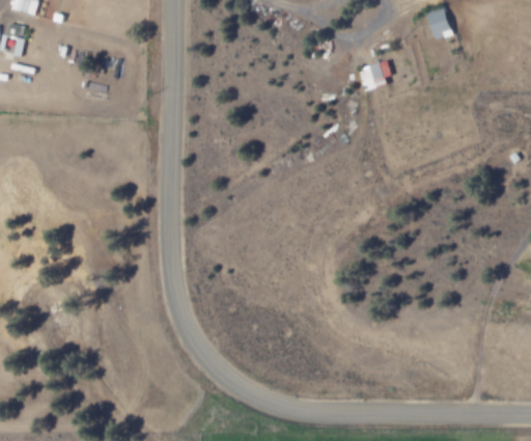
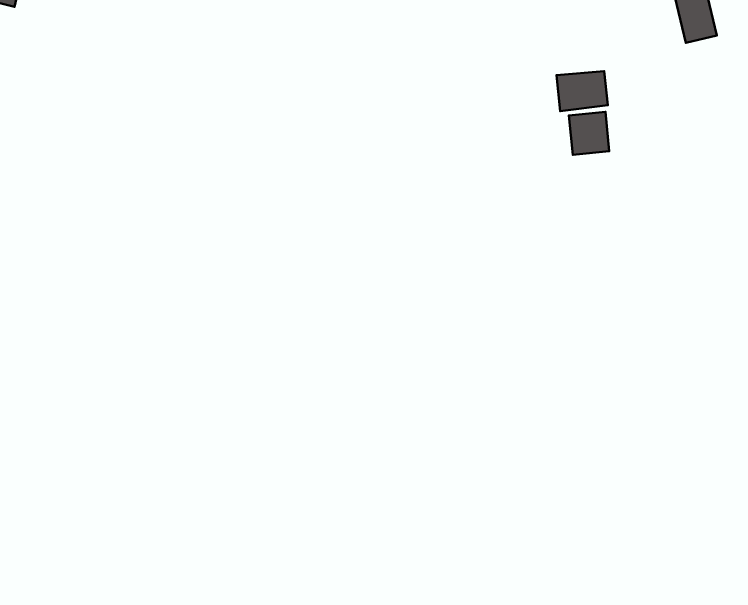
building: none -> [569,112,609,155]

